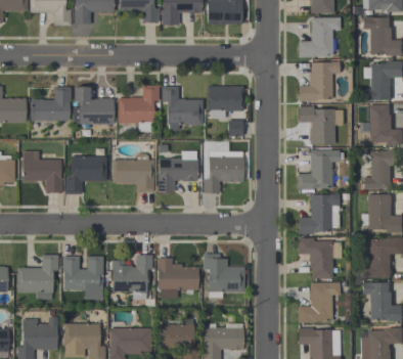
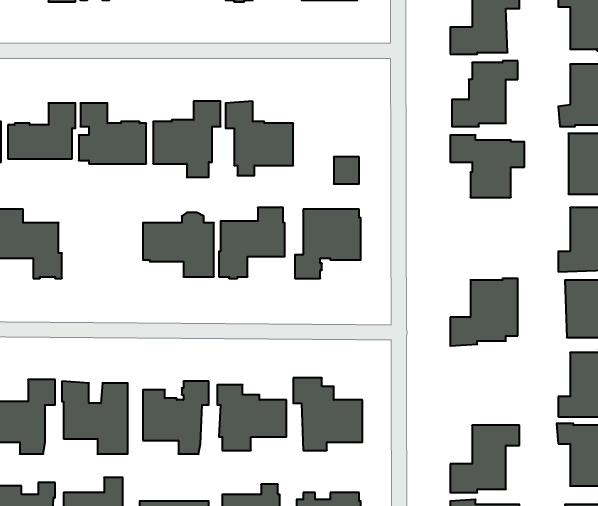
building: [208,86,243,118] -> none
building: [298,150,343,192] -> none
building: [65,155,106,194] -> none
building: [298,238,342,278] -> none

